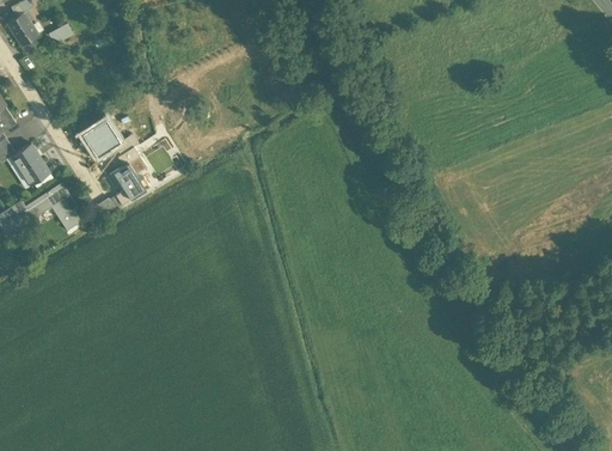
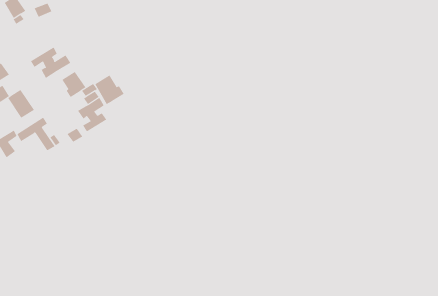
building: none -> [30,46,71,79]
building: none -> [95,75,124,105]

